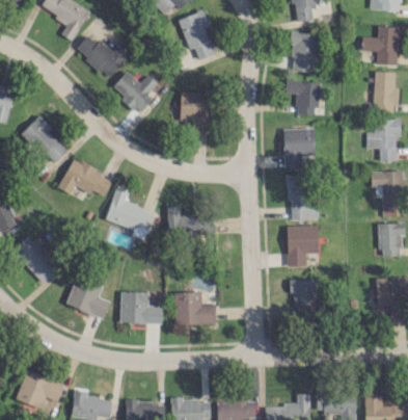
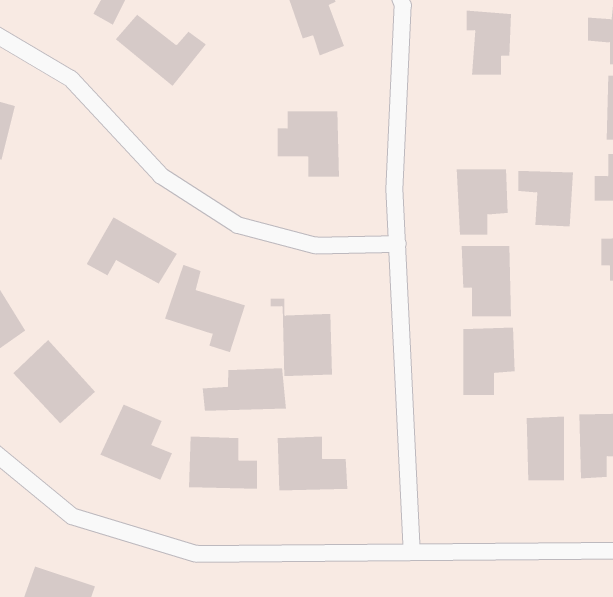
building: [112,71,158,112] -> none
building: [285,80,320,114] -> [518,171,574,227]
building: [20,114,67,162] -> none
building: none -> [202,368,286,411]
building: [292,279,316,318] -> [526,416,565,481]

